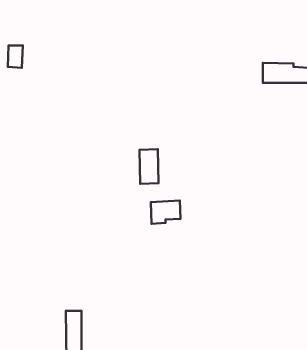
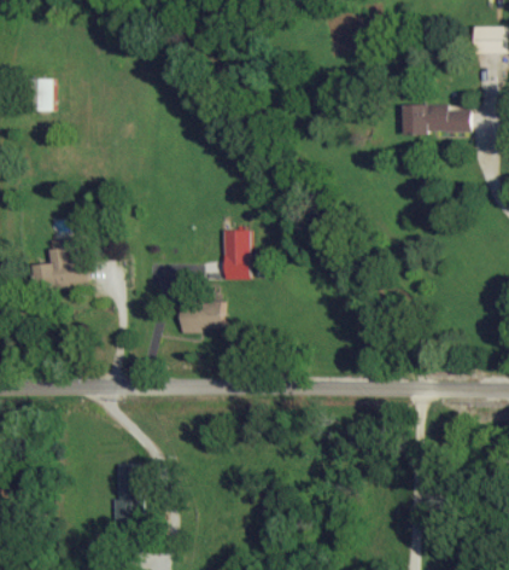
building: none -> [33,246,86,290]
building: [151,201,181,224] -> [180,299,223,333]

